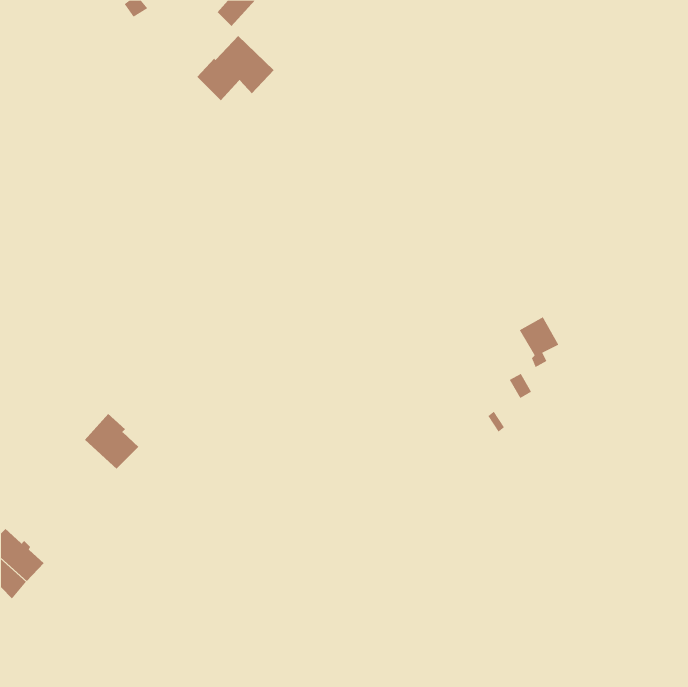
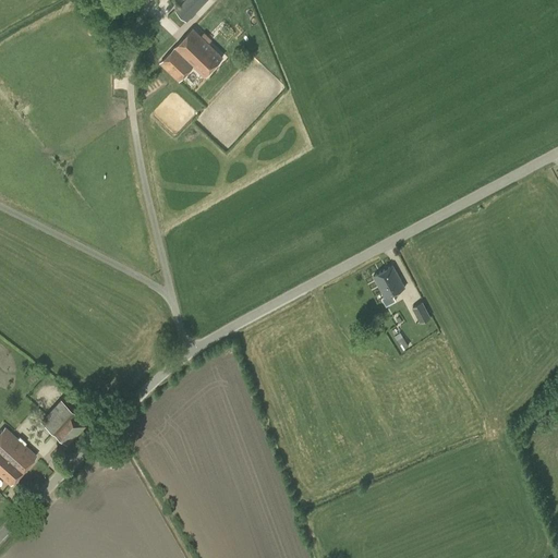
building: [519,317,559,368] -> [373,266,405,307]
building: [84,413,139,470] -> [40,400,85,446]

